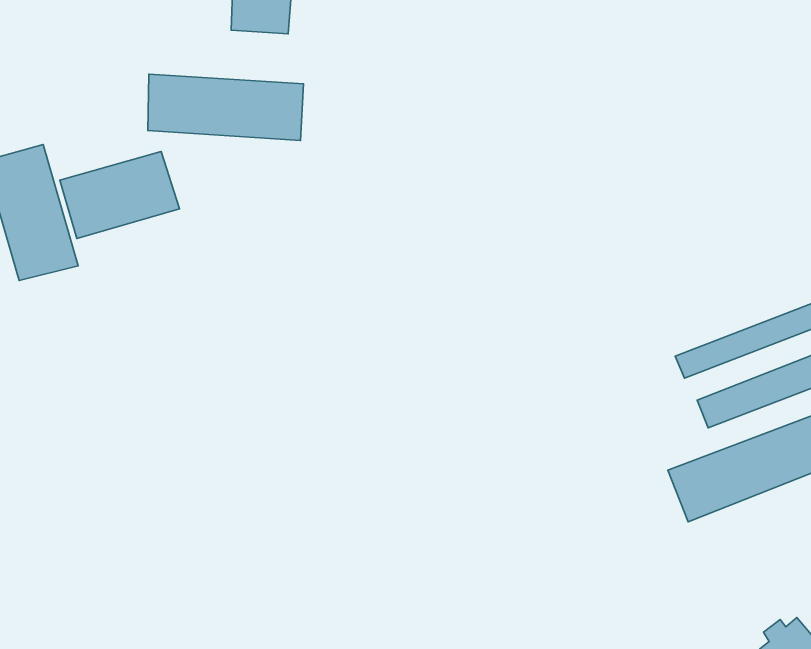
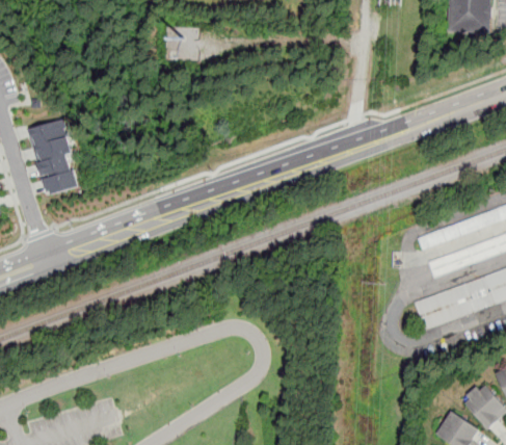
building: [148,74,303,140] -> none
building: [60,152,180,238] -> none

